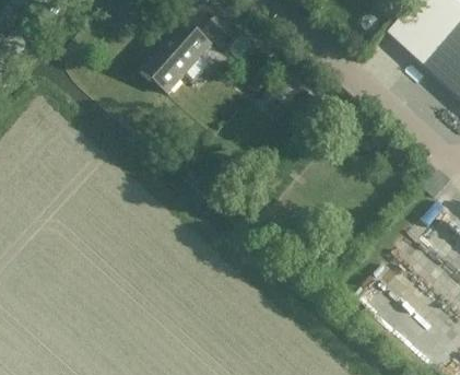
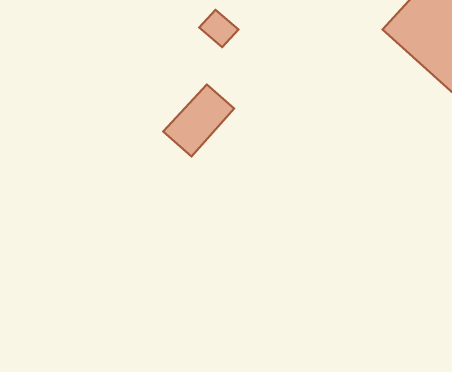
building: [140,19,211,91] -> [163,84,234,157]

